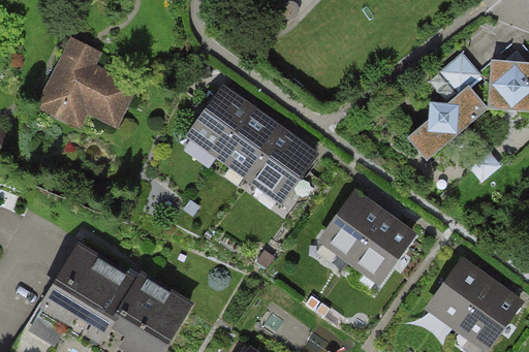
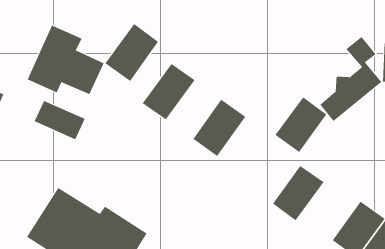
building: [216,108,285,183] -> [104,23,159,82]
building: none -> [34,100,85,140]
building: [318,193,385,264] -> [274,96,327,153]

